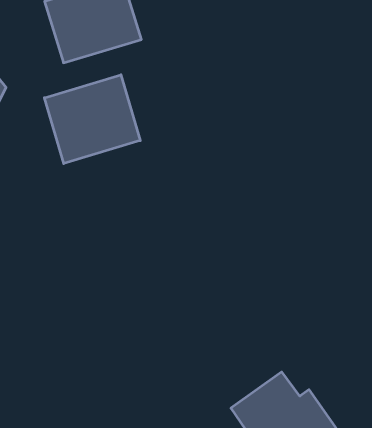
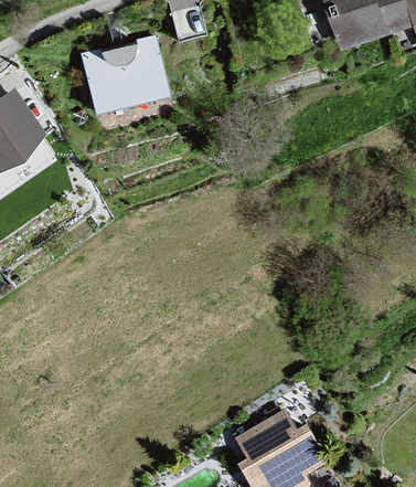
building: [44,75,140,164] -> none

